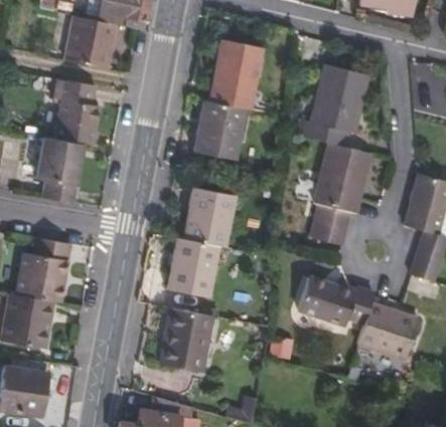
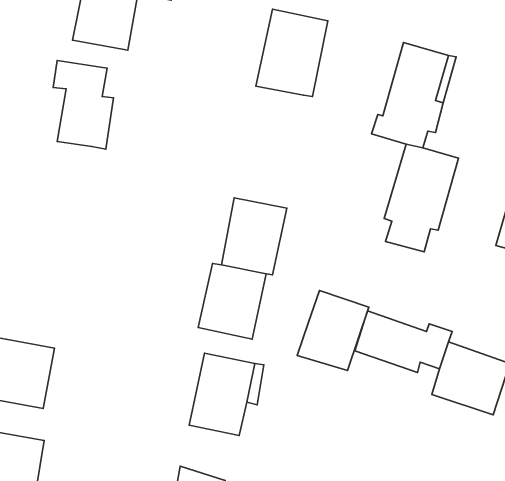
building: [196,97,249,158] -> none
building: [35,139,83,206] -> none
building: [15,238,69,304] -> none
building: none -> [297,291,369,371]

